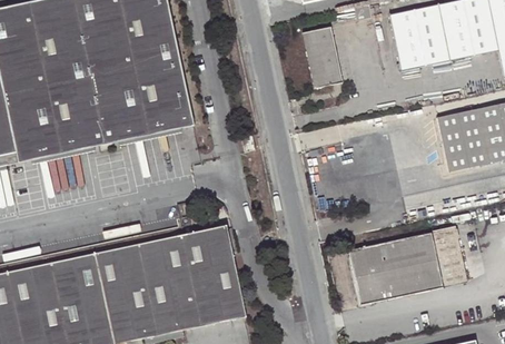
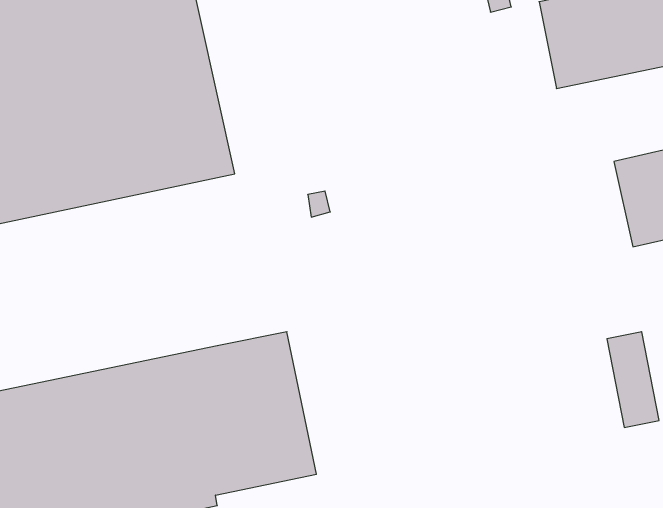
building: [301,27,341,88] -> none
building: [349,233,442,305] -> none

